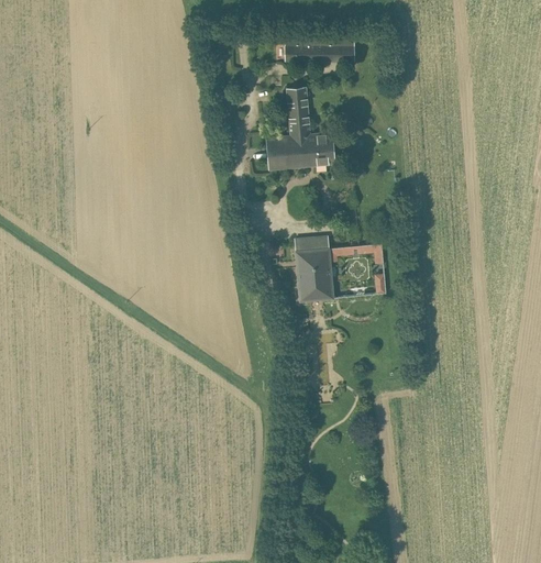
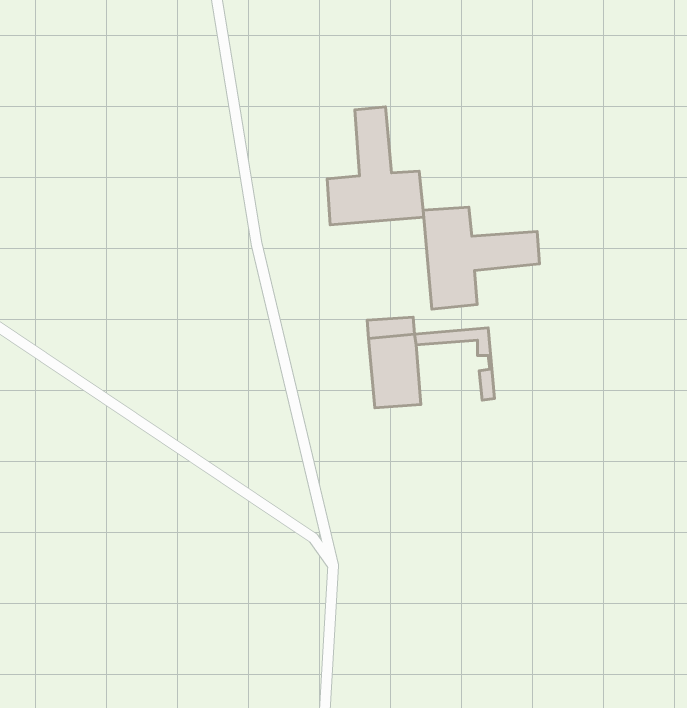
building: [284,33,354,60] -> none
building: none -> [423,207,539,309]

